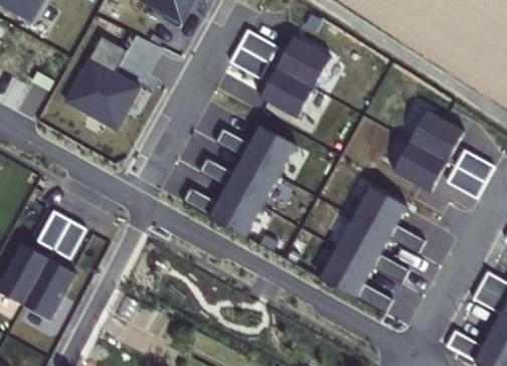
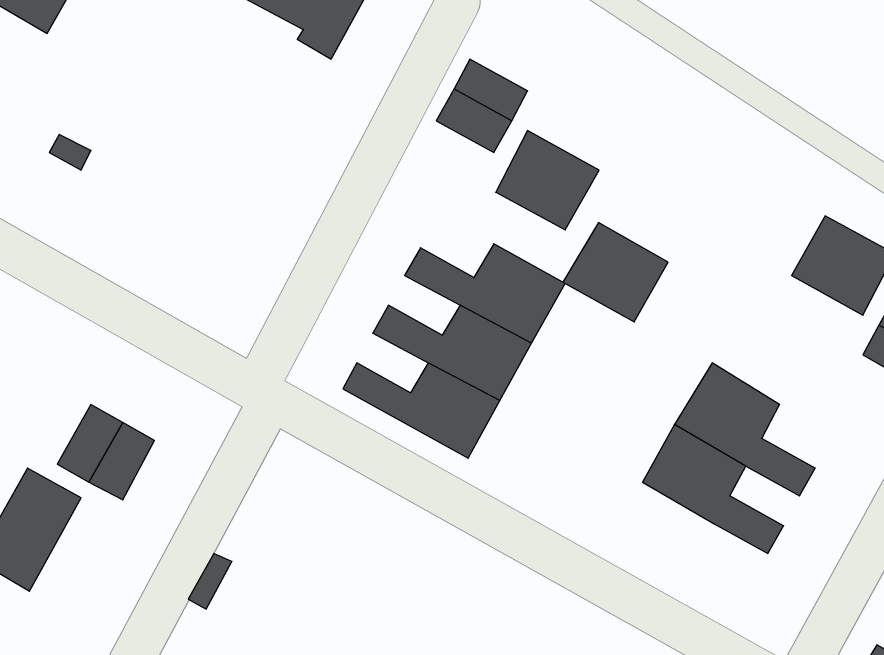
building: [65,36,141,130] -> none
building: [278,39,331,89] -> [563,223,668,322]
building: [394,143,448,193] -> none
building: [320,247,391,312] -> none
building: [25,255,78,318] -> none

